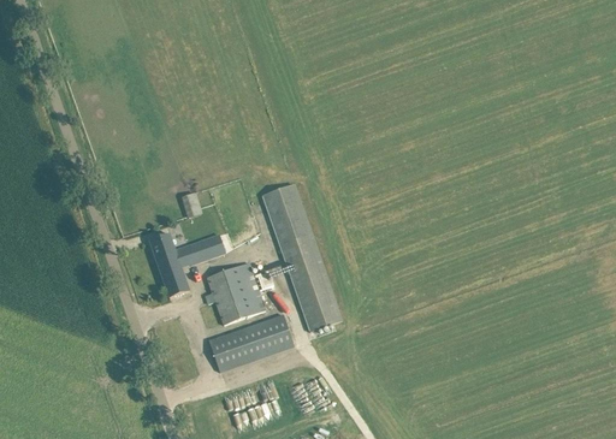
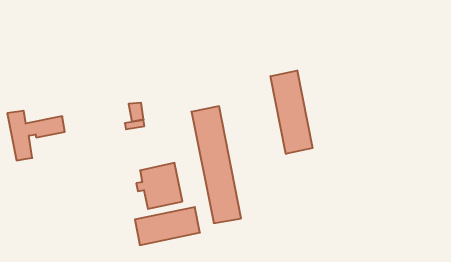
building: none -> [271,70,313,154]
building: [149,233,225,297] -> [7,111,65,160]

